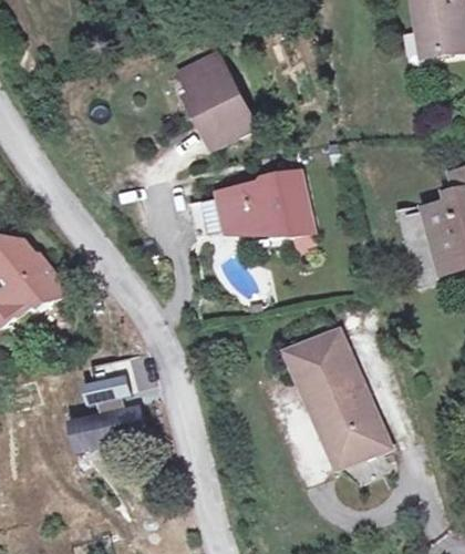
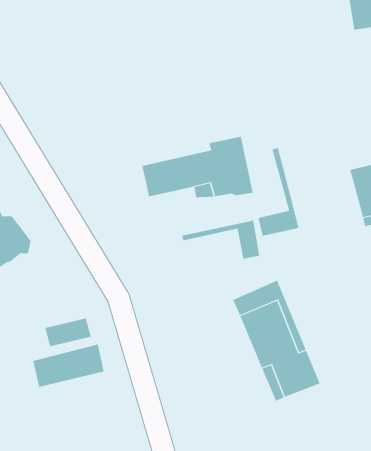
building: [177,52,254,147] -> none
building: none -> [258,147,299,236]
building: none -> [181,220,260,260]

